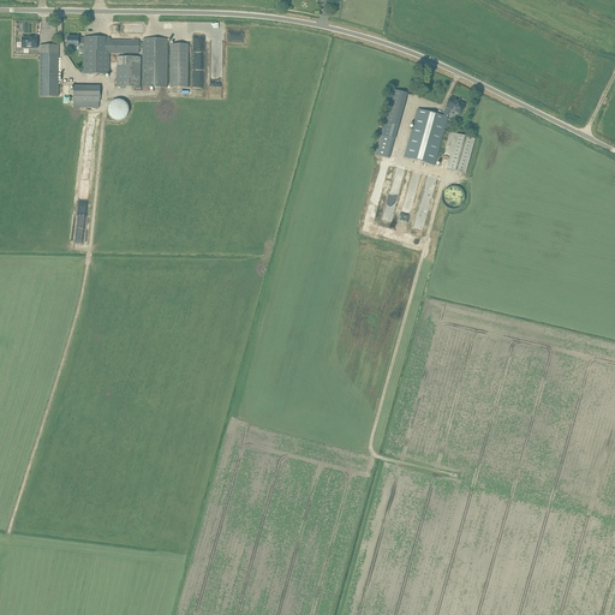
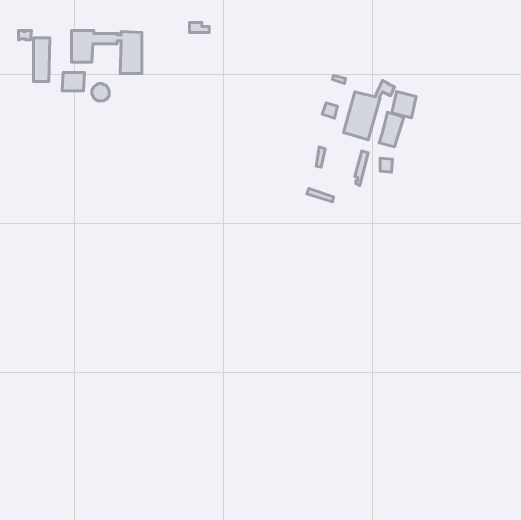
building: [171,43,189,86] -> none
building: [117,55,141,86] -> none
building: none -> [392,91,416,118]

